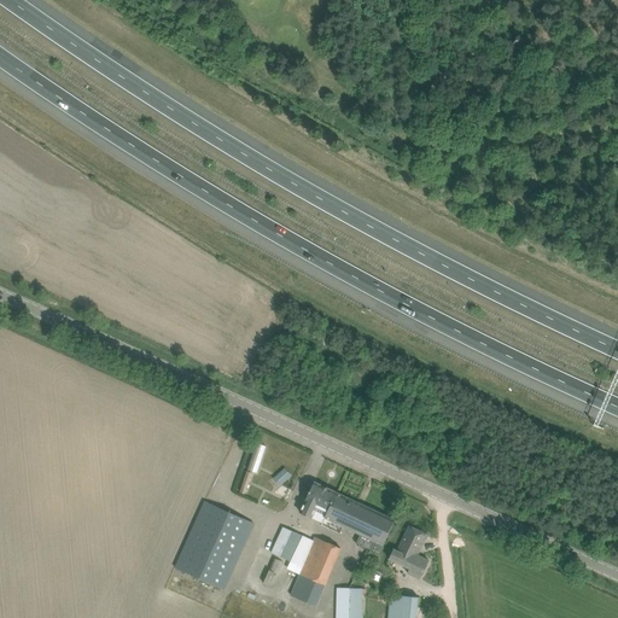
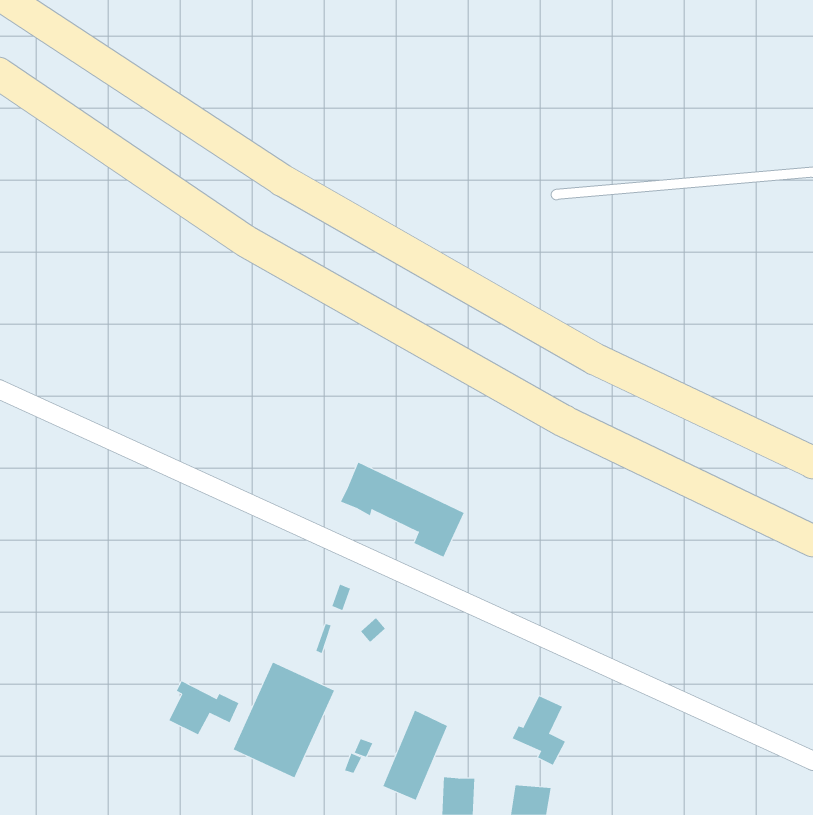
building: [299,482,393,554] -> [340,462,465,558]
building: none -> [169,681,239,735]
building: [270,527,302,561] -> none

